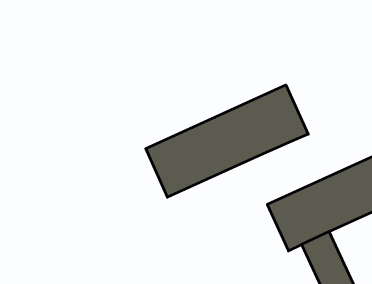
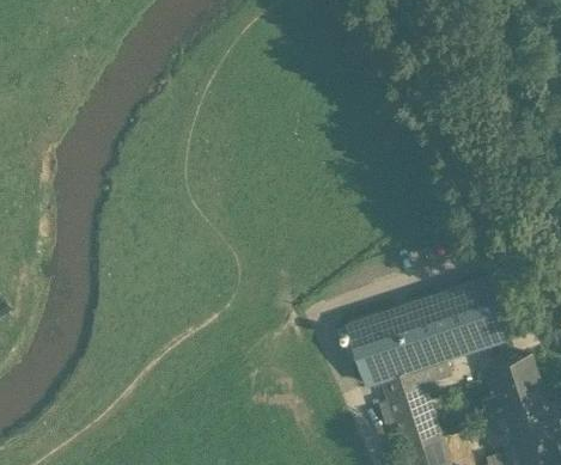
building: [146,85,308,197] -> none

